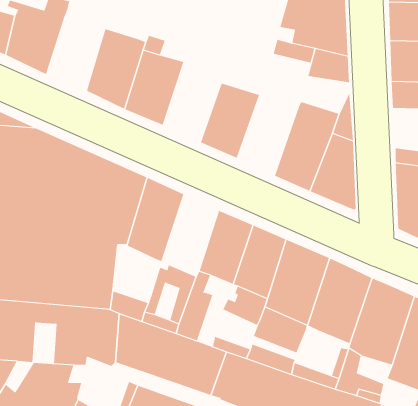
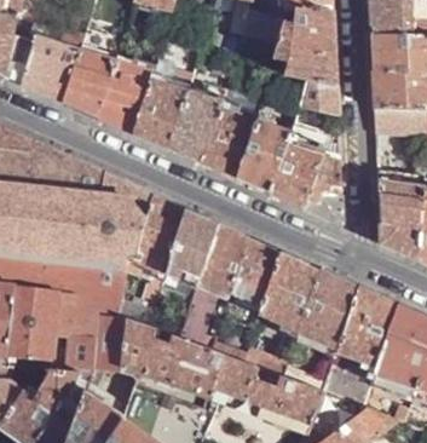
building: none -> [62,50,115,117]
building: none -> [168,81,225,165]
building: none -> [236,121,292,195]
building: none -> [167,212,219,287]

